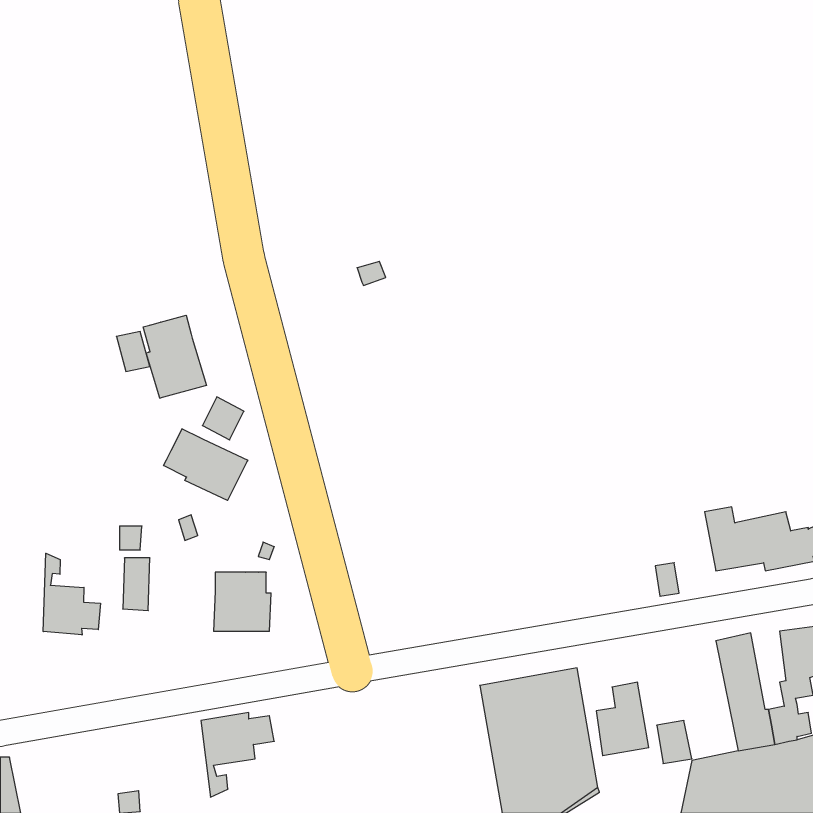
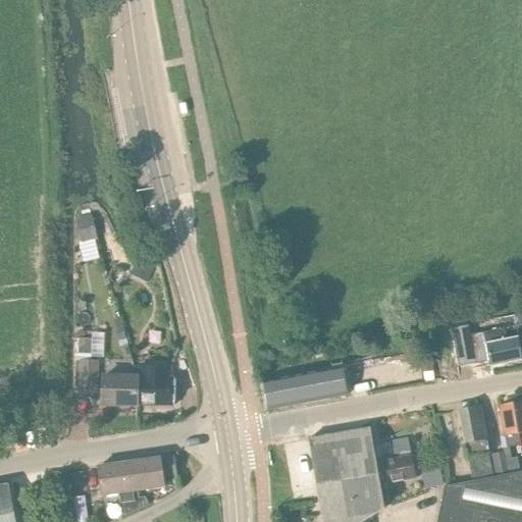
building: [143,315,207,398] -> none
building: [164,429,248,500] -> none
building: [43,553,100,635] -> none
building: none -> [263,366,348,410]
building: none -> [102,375,139,405]
building: none -> [98,461,136,515]

